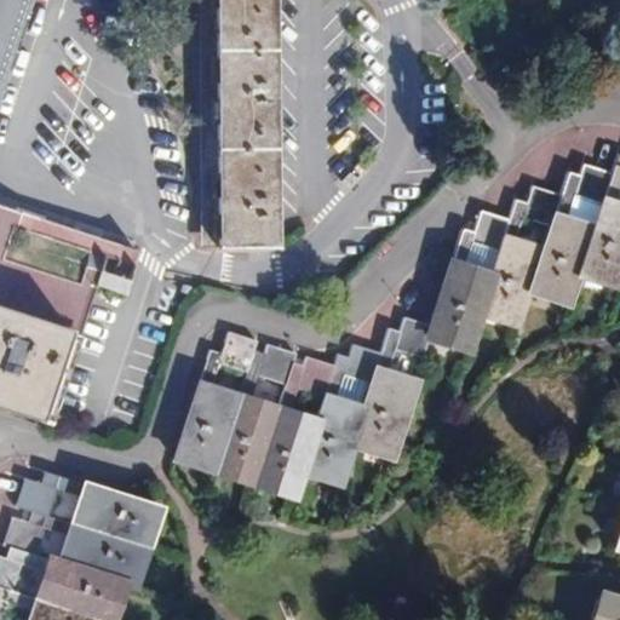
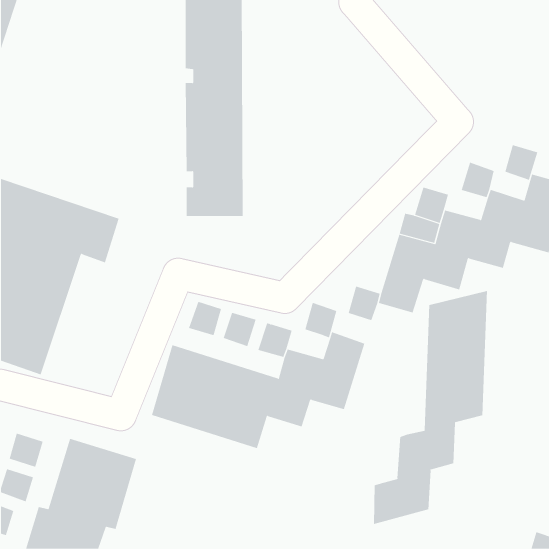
building: none -> [374,290,488,525]

